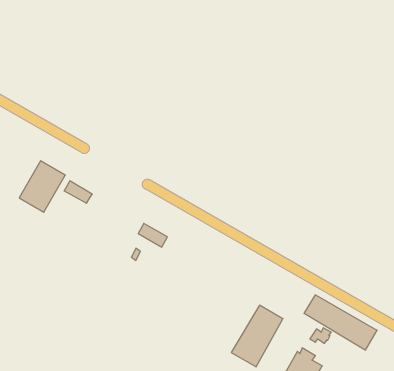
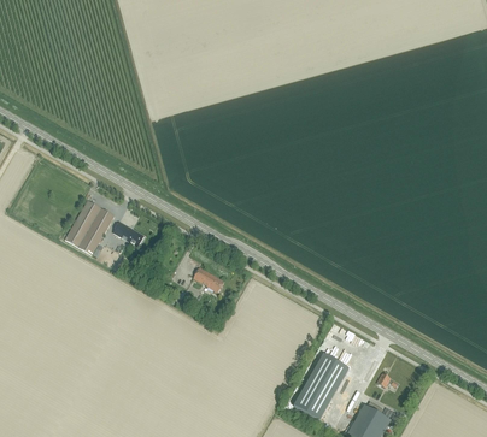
building: [304,295,377,350] -> none

